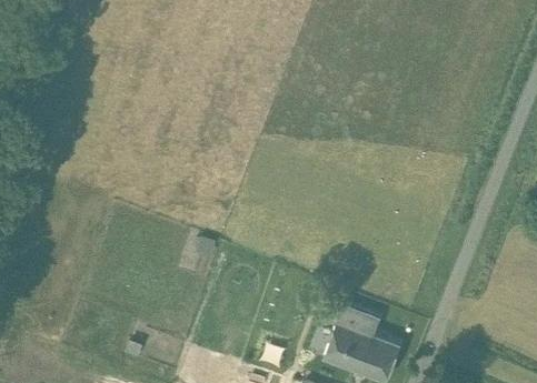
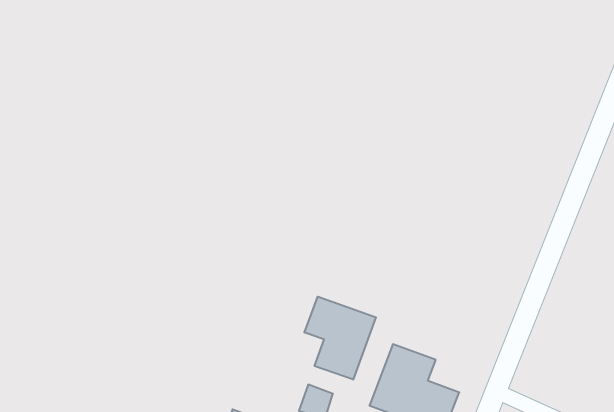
building: none -> [304,297,376,380]

